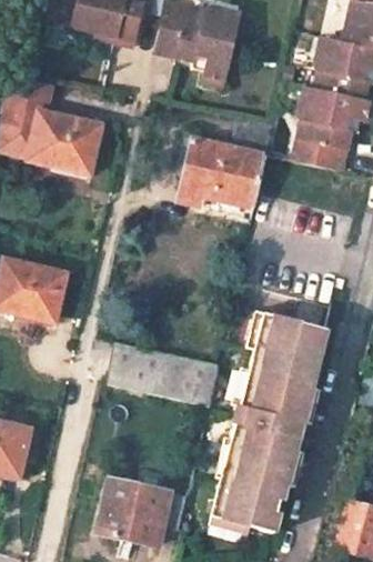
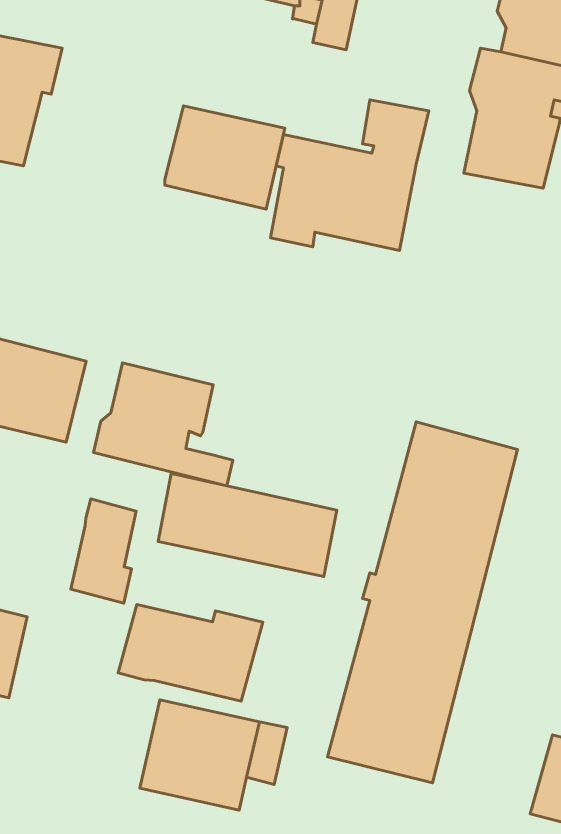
building: [29,112,101,174] -> [165,106,285,209]
building: none -> [93,363,233,486]
building: none -> [71,499,136,603]
building: none -> [118,605,263,701]

